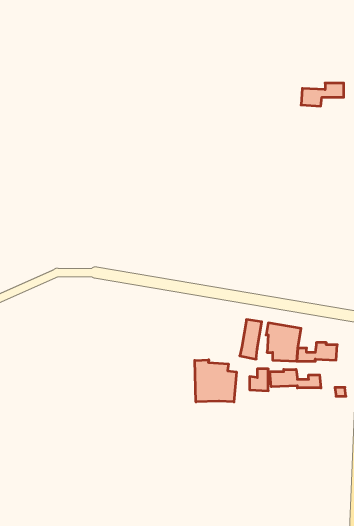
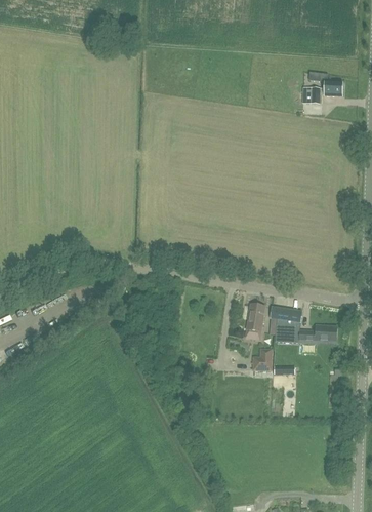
building: [195,360,236,402] -> none
building: [270,369,321,388] -> none

